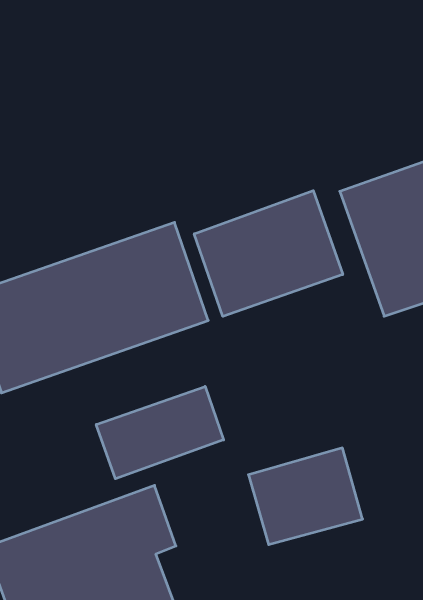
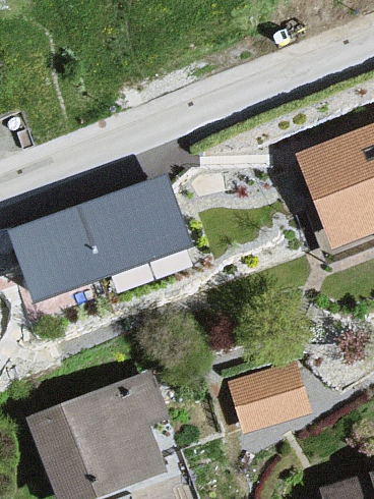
building: [194,191,343,316] -> none
building: [96,386,224,479] -> none

